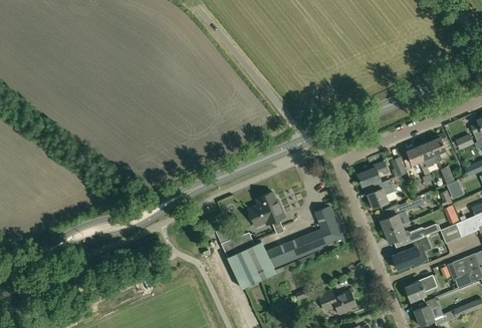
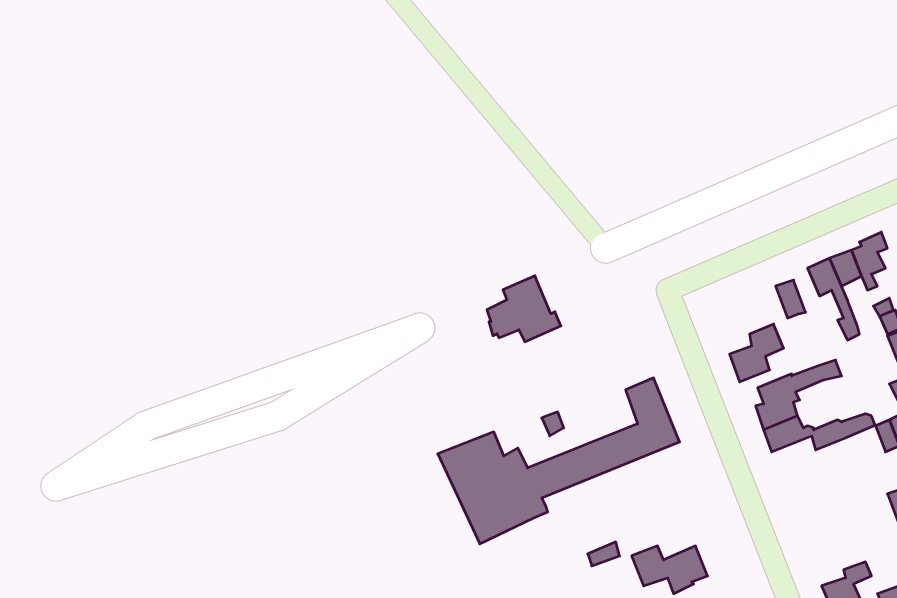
building: [357,161,389,187] -> none
building: [248,193,285,226] -> [487,276,561,342]
building: [393,237,428,271] -> none
building: [405,275,437,302] -> none

